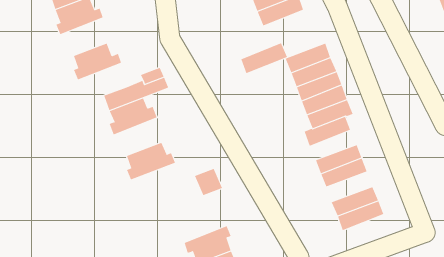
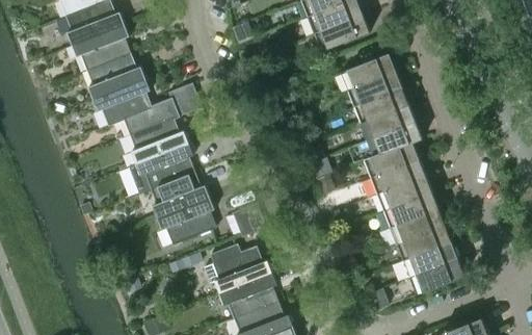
building: none -> [72,23,129,69]
building: [241,42,288,74] -> [314,14,370,51]
building: none -> [92,77,151,123]
building: none -> [129,143,193,192]
building: none -> [369,157,426,194]
building: none -> [156,197,215,243]
building: none -> [389,207,445,243]
building: none -> [205,247,271,292]
building: none -> [408,258,466,295]

